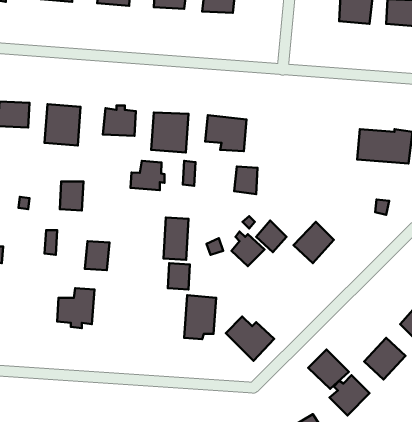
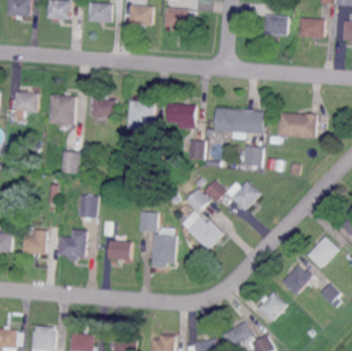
building: none -> [215,109,254,139]
building: [130,161,165,190] -> none
building: none -> [243,145,263,166]
building: [164,217,188,260] -> none
building: none -> [23,230,47,254]
building: none -> [109,240,132,260]
building: [226,317,274,361] -> [187,216,222,248]
building: [308,349,349,389] -> none

